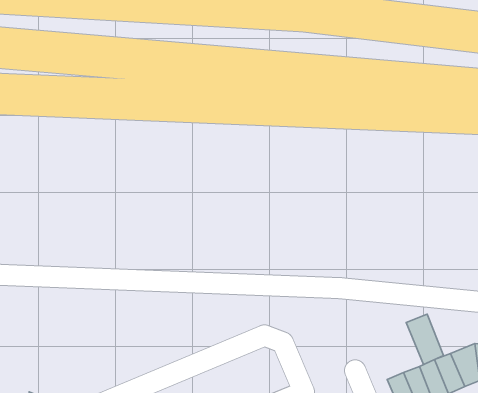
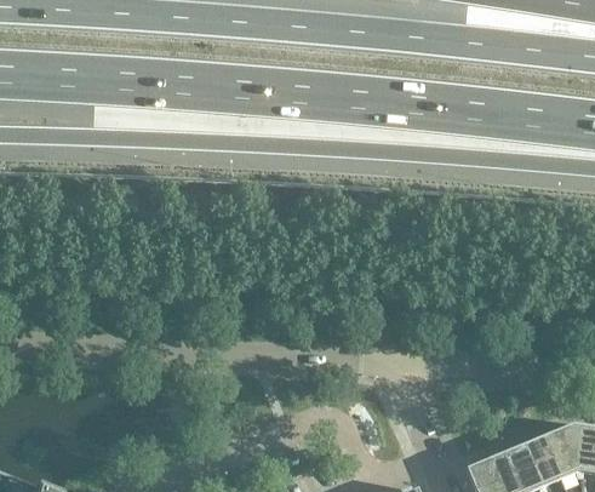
building: [406,314,444,364] -> none

